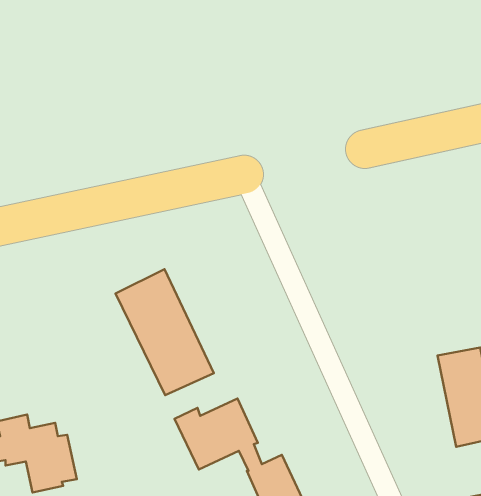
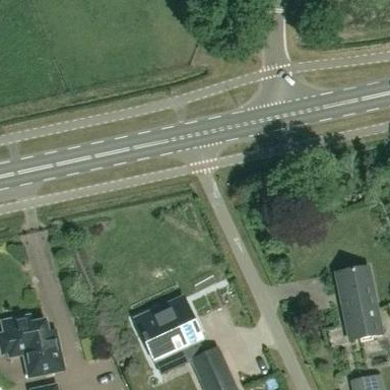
building: [116,269,214,395] -> none

